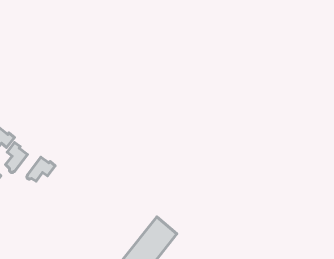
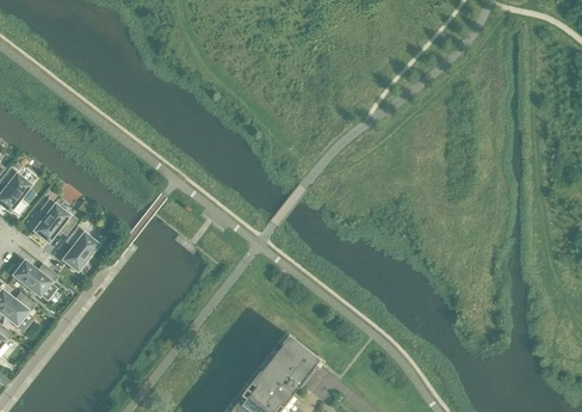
building: [27,157,55,181] -> none

